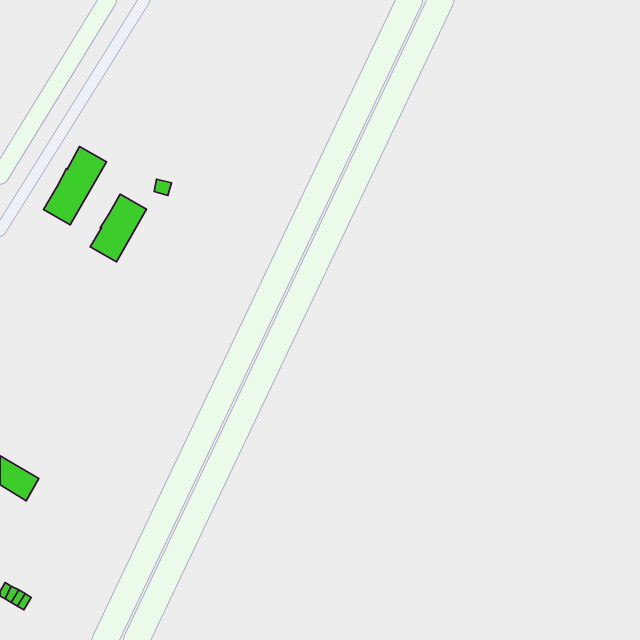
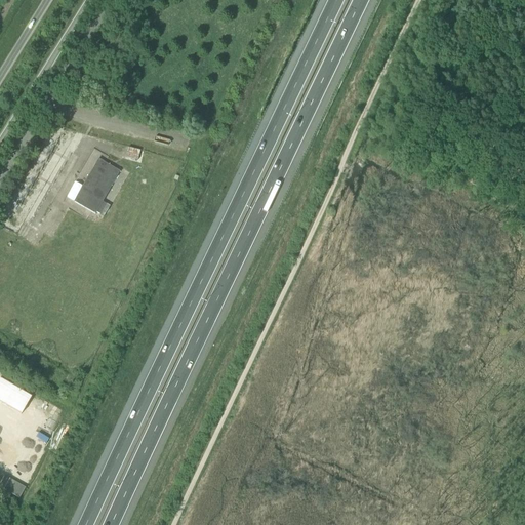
building: [44,147,106,225] -> none

